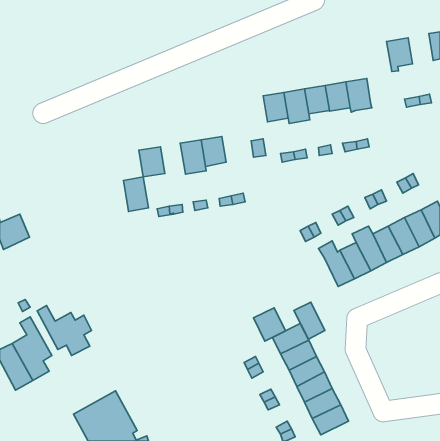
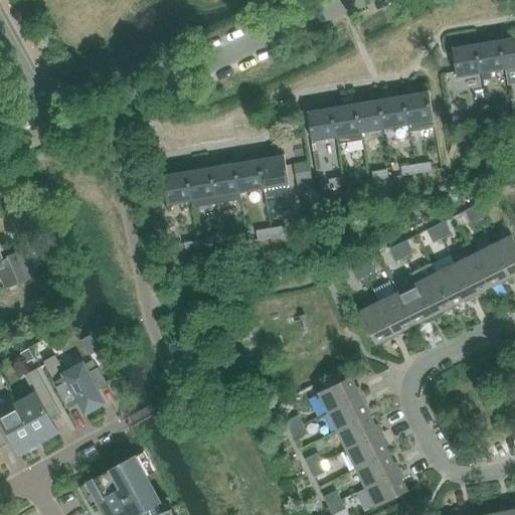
building: none -> [476,39,505,79]
building: none -> [259,155,290,209]
building: [123,177,148,211] -> [187,167,216,207]
building: [294,302,325,339] -> [358,301,394,344]
building: [253,308,286,341] -> none

